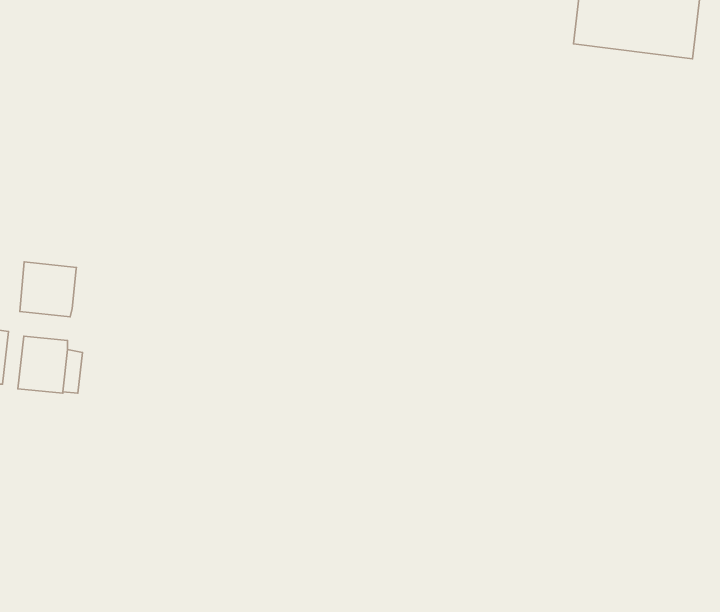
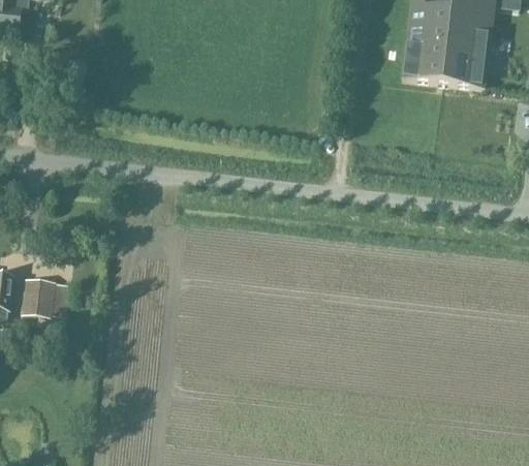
building: [20,262,77,317] -> none

